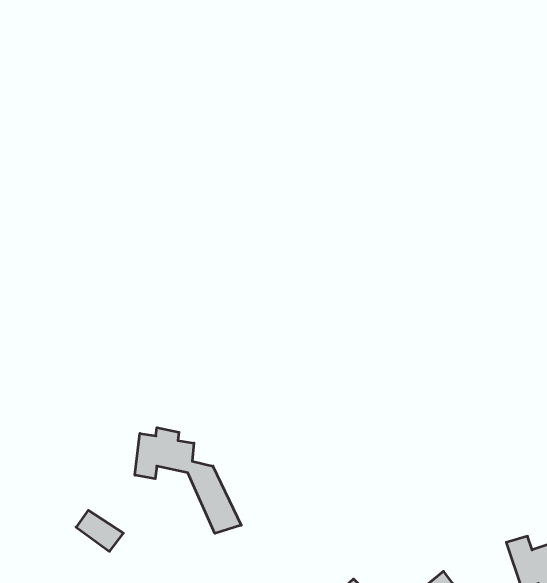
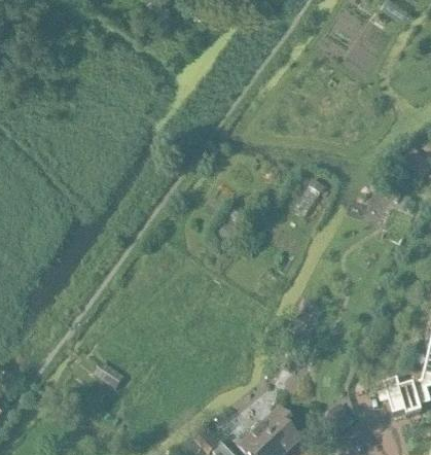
building: [135,428,241,533] -> none

